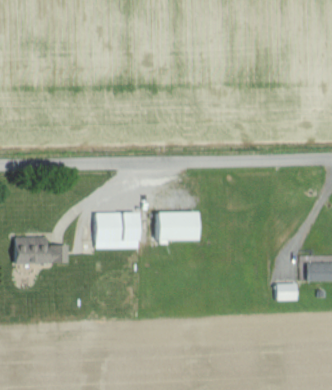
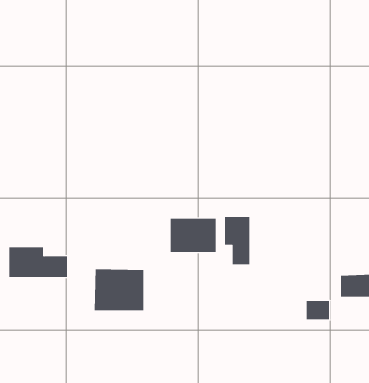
building: none -> [225,216,250,265]
building: [94,211,138,248] -> [94,269,144,311]

